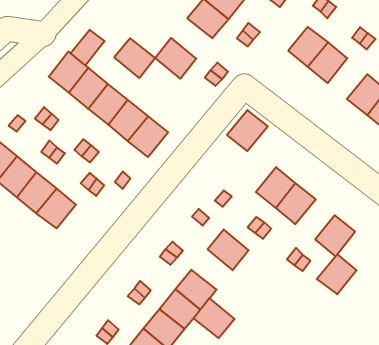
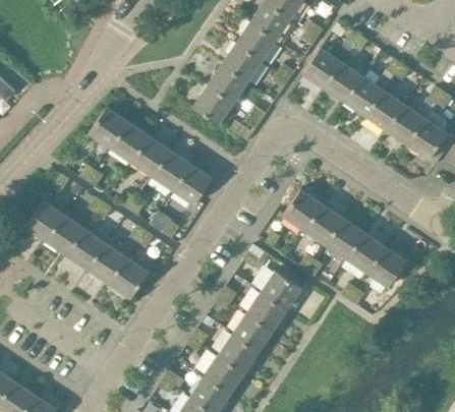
building: none -> [302,48,341,89]
building: [71,30,105,65] -> none
building: [114,38,155,78] -> [207,65,247,104]
building: none -> [365,91,404,131]
building: [227,110,268,151] -> [282,190,322,231]
building: none -> [109,258,148,299]
building: [317,254,357,294] -> [345,233,384,273]
building: [193,298,235,338] -> [246,292,287,331]

